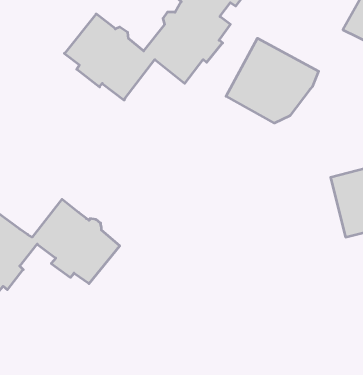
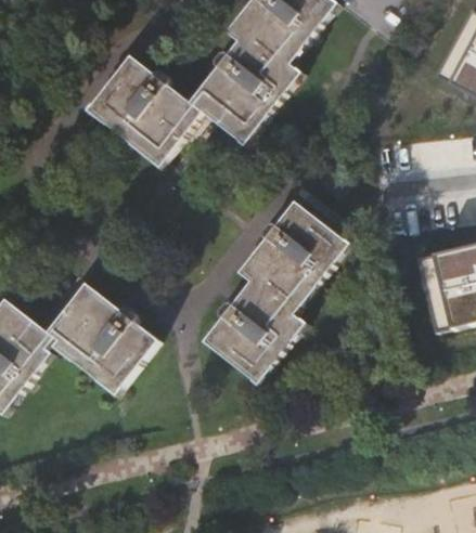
building: [226,38,319,123] -> none
building: none -> [206,202,344,379]

